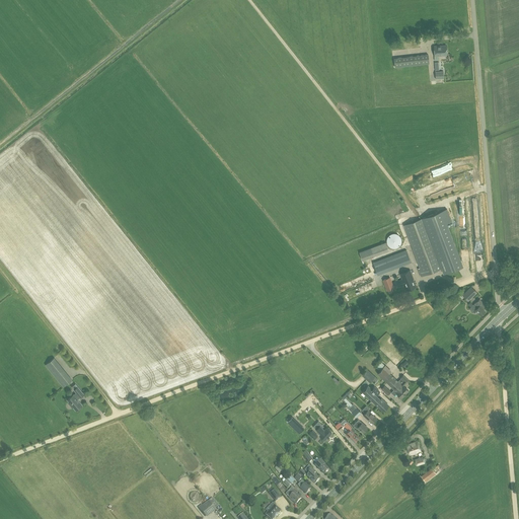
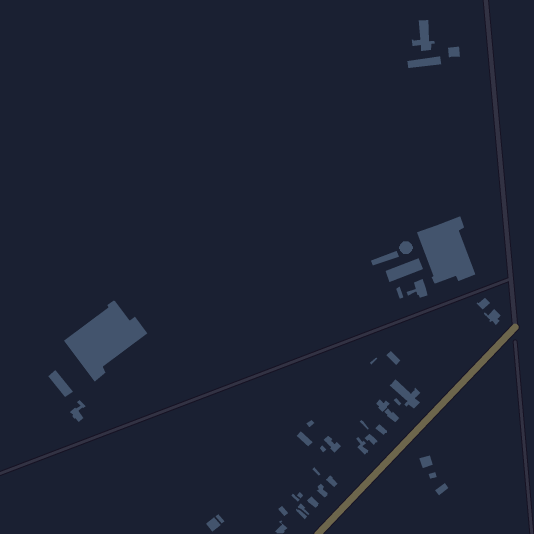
building: none -> [411,19,435,52]
building: none -> [63,300,148,383]

